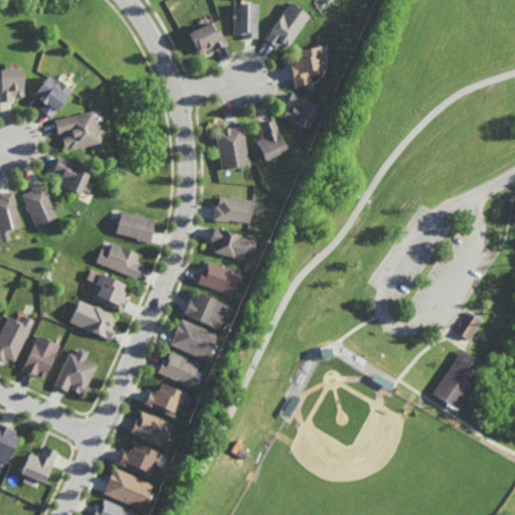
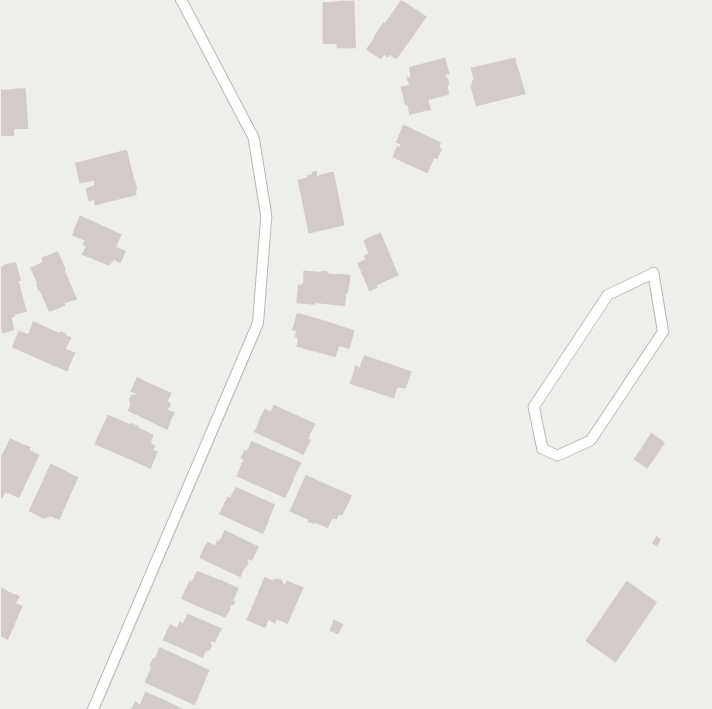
building: [186,17,225,53] -> none
building: none -> [470,56,526,107]
building: [31,74,70,117] -> none
building: [255,119,287,162] -> [356,232,400,292]
building: [114,212,154,244] -> none
building: [95,243,142,281] -> [11,321,77,372]
building: [197,263,243,295] -> [348,354,412,399]
building: none -> [289,474,352,529]
building: [52,348,95,395] -> none
building: [432,351,485,411] -> [584,580,658,663]
building: none -> [245,576,305,629]
building: [20,447,57,487] -> none

